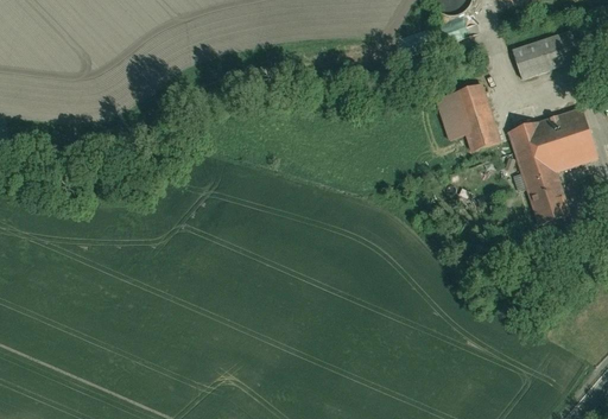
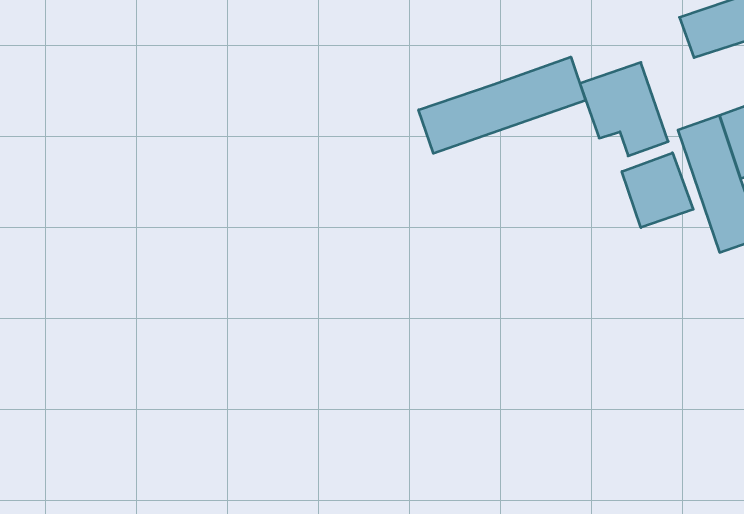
building: none -> [419,57,586,153]
building: none -> [622,153,693,228]

